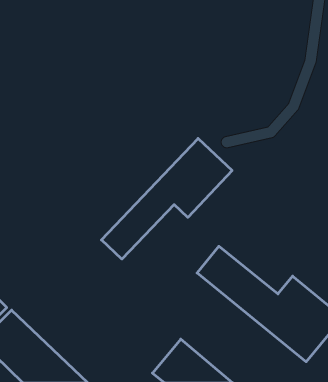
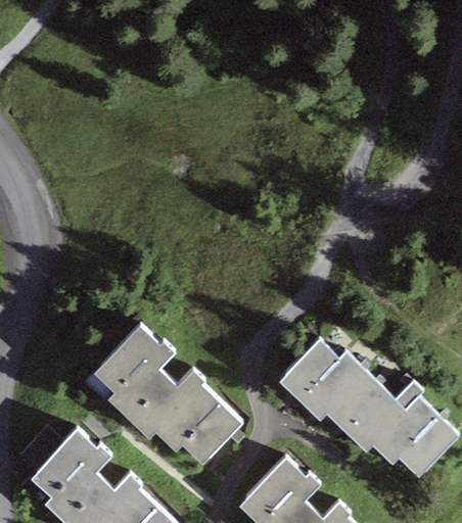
building: [101,138,232,259] -> none
building: none -> [94,337,232,472]

